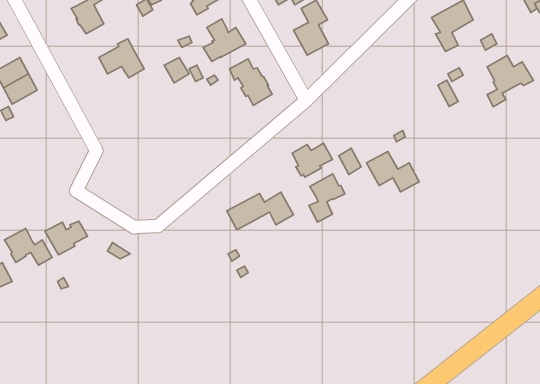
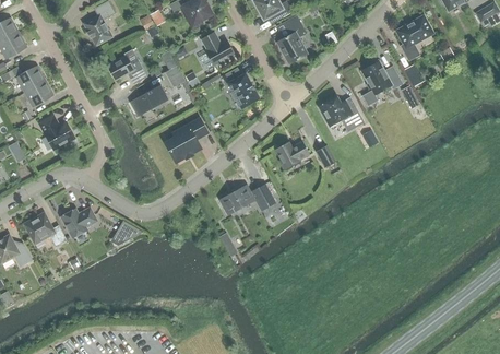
building: [487,55,533,107] -> [361,61,402,106]
building: none -> [129,84,168,111]
building: none -> [38,114,74,150]
building: none -> [166,118,207,161]
building: [367,152,419,192] -> [318,96,364,131]
building: [309,174,345,222] -> none

